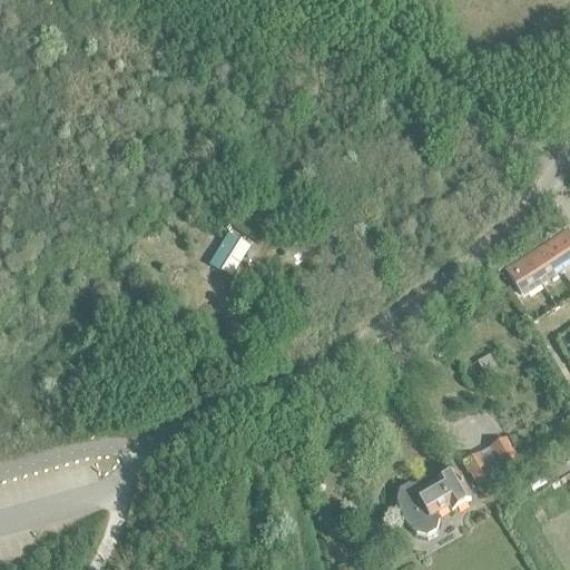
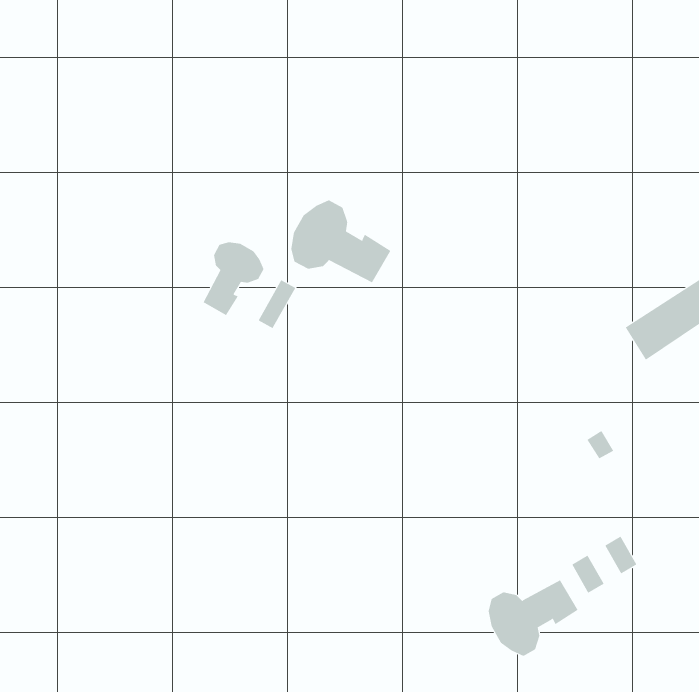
building: none -> [291,200,391,283]
building: none -> [203,242,264,316]

